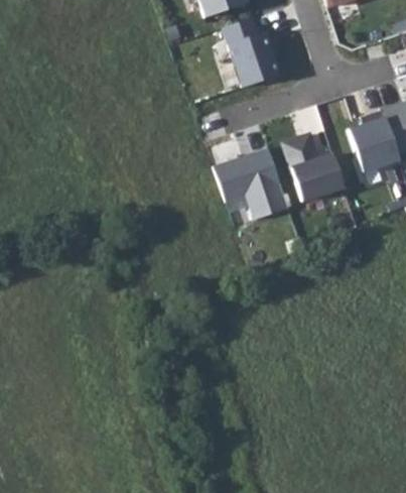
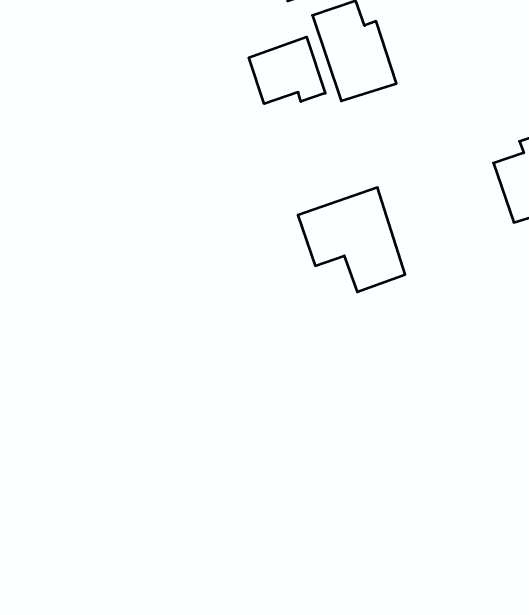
building: none -> [249,37,325,104]
building: [284,134,344,201] -> none

